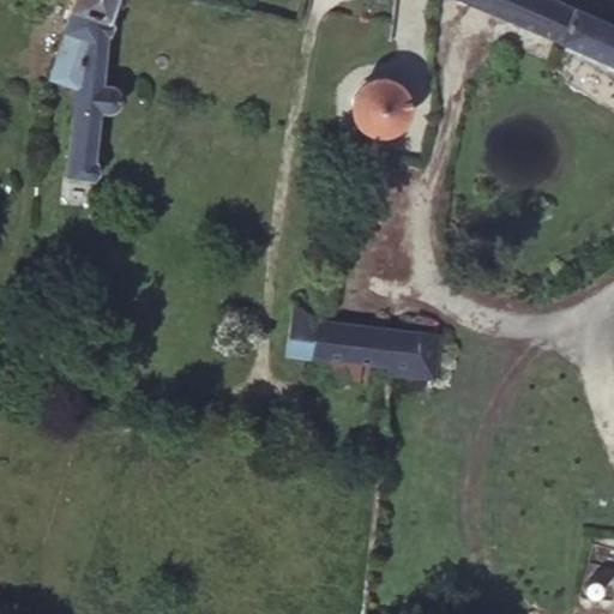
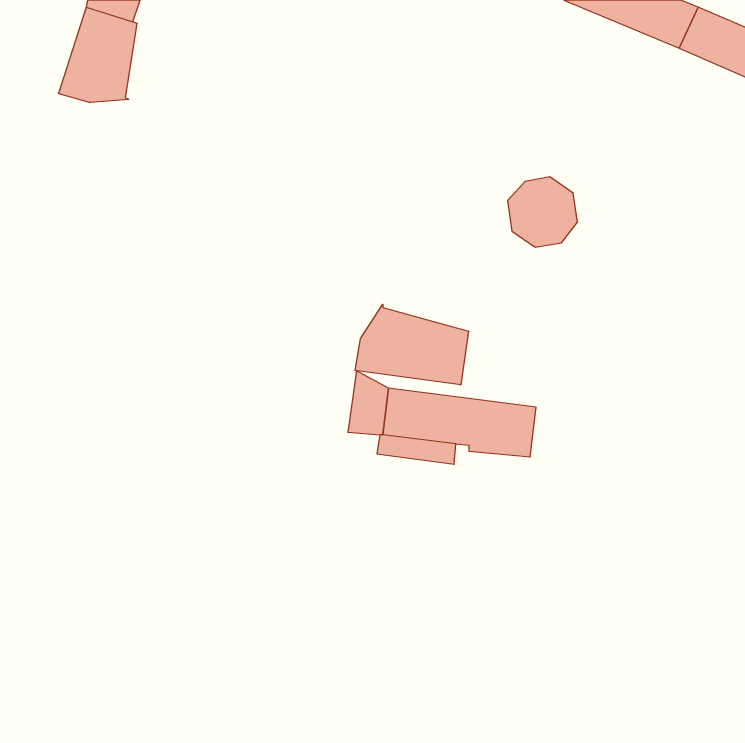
building: [353,78,410,136] -> [508,177,578,247]
building: [67,84,120,179] -> none
building: none -> [355,304,468,385]

